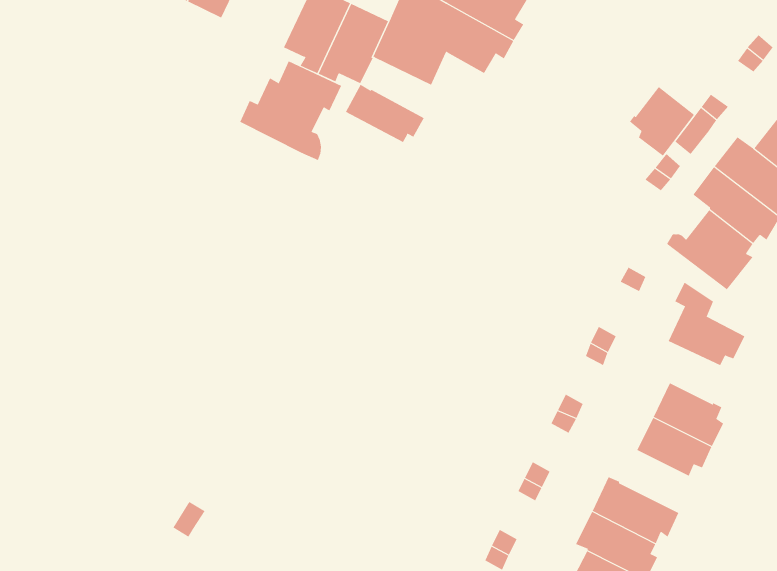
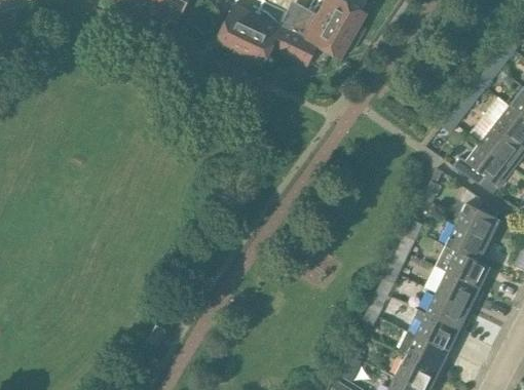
building: [239,61,342,161] -> none
building: [345,84,424,143] -> none
building: [629,86,695,156] -> none
building: none -> [444,225,489,264]
building: none -> [424,292,469,332]

